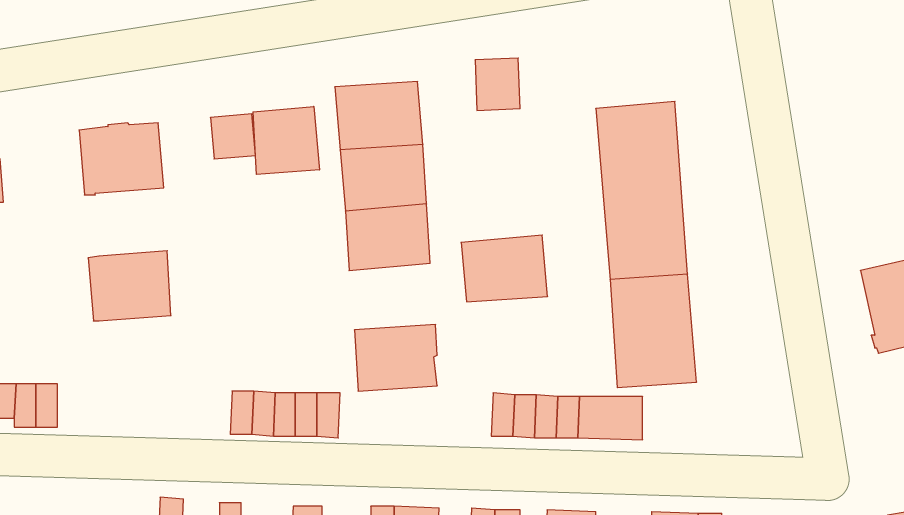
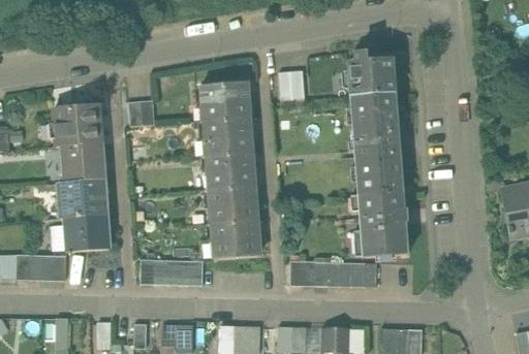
building: none -> [346,52,395,97]
building: [253,106,319,174] -> none
building: none -> [62,142,103,182]
building: [461,235,548,302] -> [208,186,257,224]
building: none -> [52,216,108,252]
building: none -> [40,255,65,281]

